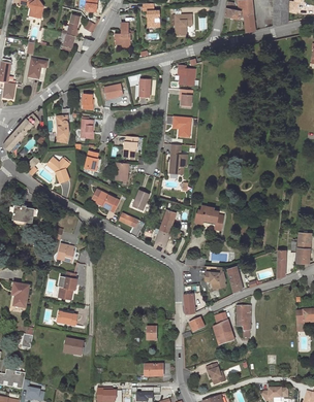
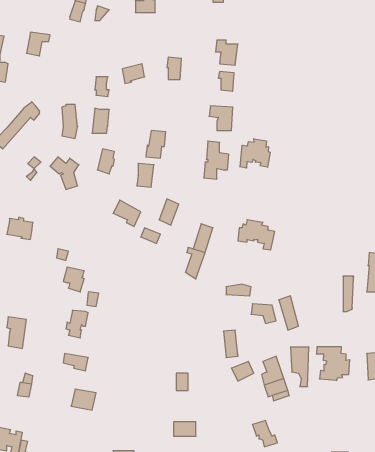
building: none -> [240,139,270,168]
building: none -> [317,347,349,381]

